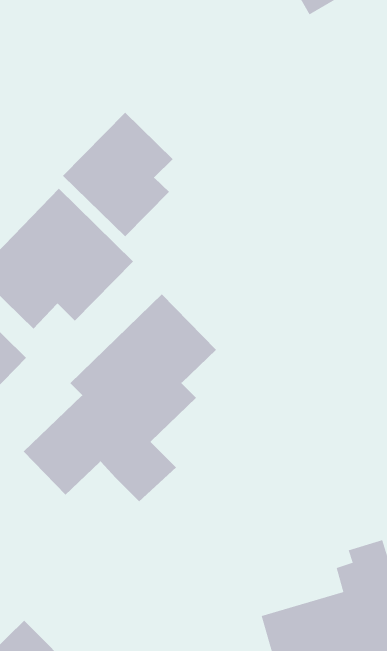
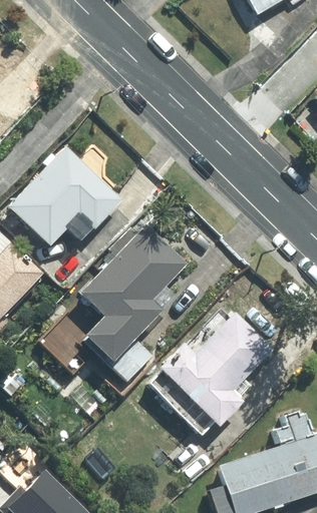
building: [62,112,174,237] -> none
building: none -> [148,303,275,437]

